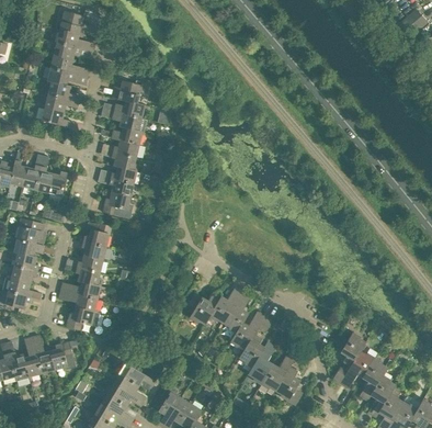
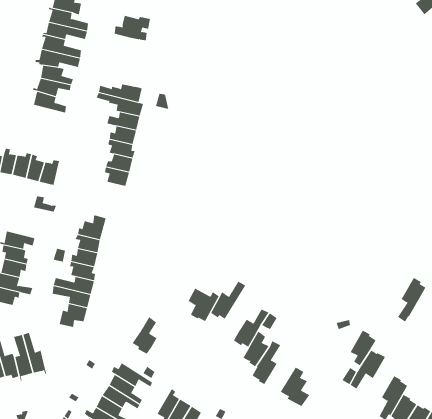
building: [111,79,146,103] -> [114,15,151,41]
building: [101,192,135,218] -> none
building: [15,218,44,245] -> none
building: [221,290,249,331] -> none
building: none -> [132,316,161,355]
building: [48,341,73,369] -> none
building: [259,353,293,390] -> none
building: [357,357,385,399] -> [397,277,426,323]

